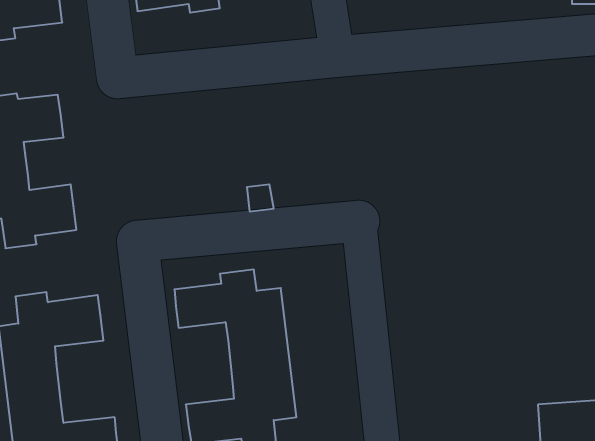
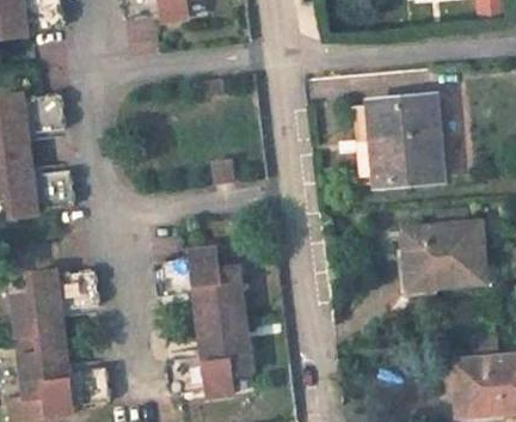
building: none -> [373,93,444,176]
building: none -> [406,219,486,285]

